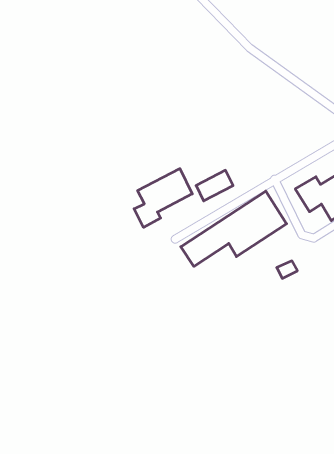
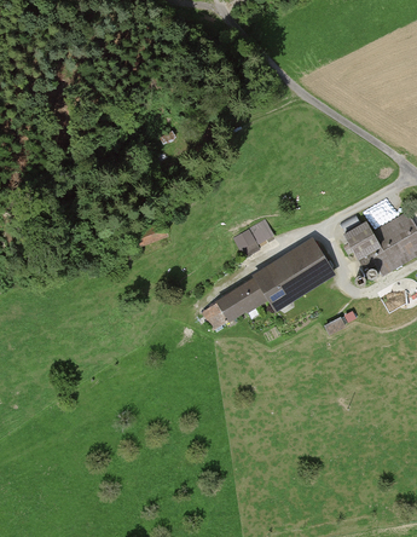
building: [134,169,192,227] -> none

